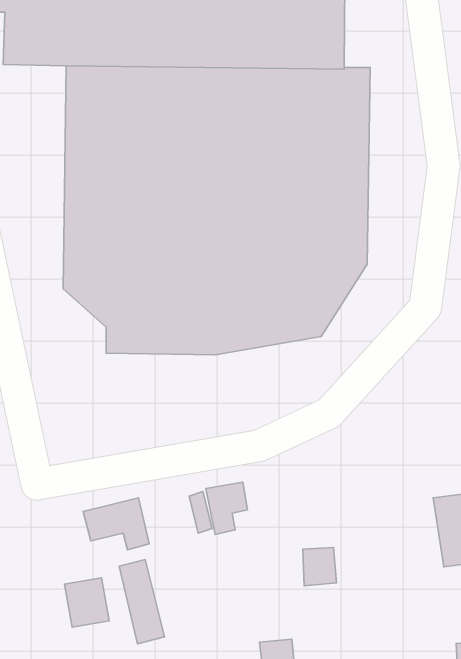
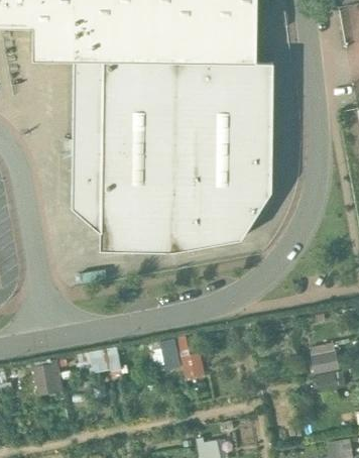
building: [303,547,337,586] -> [184,355,206,380]
building: [119,559,164,644] -> none
building: [65,578,109,627] -> [36,362,66,394]

